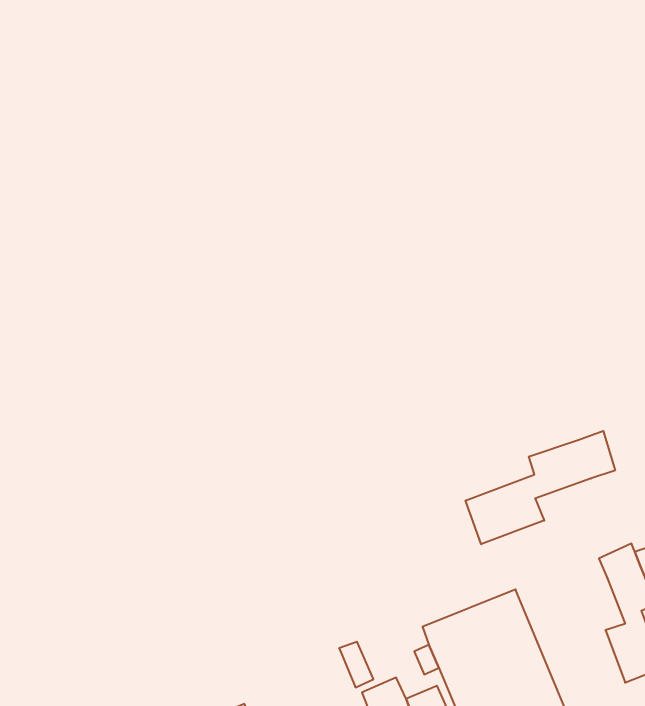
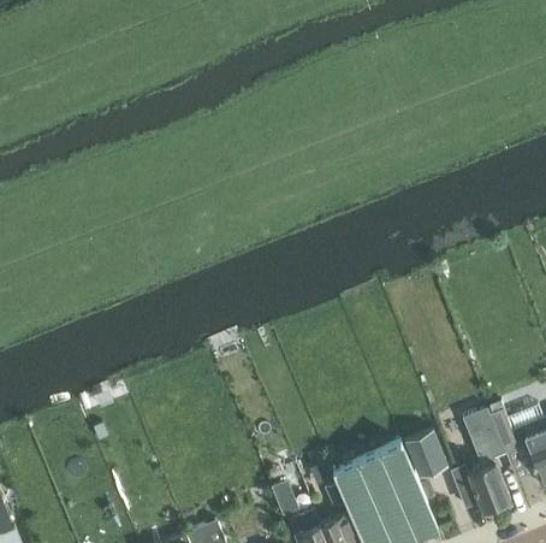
building: [466,431,615,544] -> none
building: none -> [406,431,449,478]

